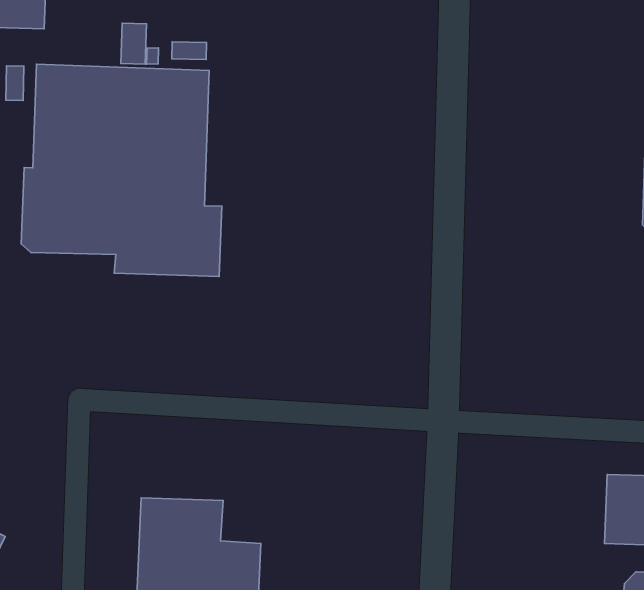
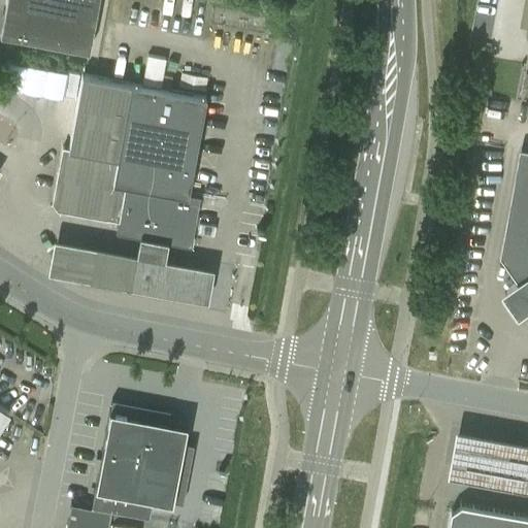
building: none -> [47,239,216,304]

